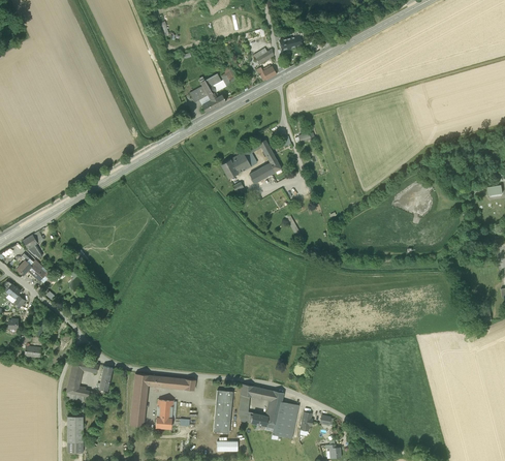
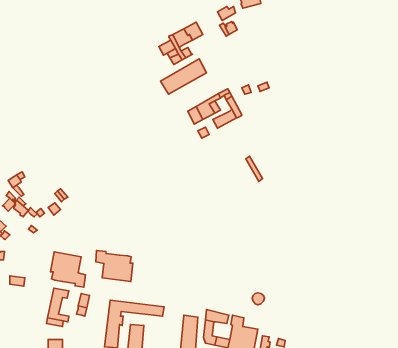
building: none -> [160,59,207,94]
building: none -> [96,251,133,281]
building: none -> [51,252,85,287]

